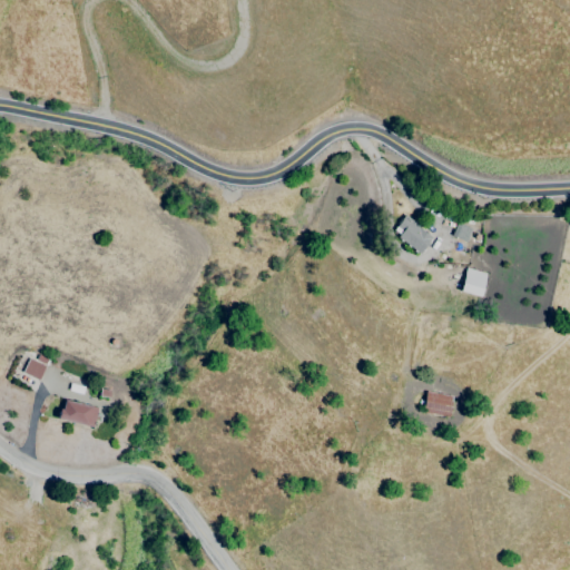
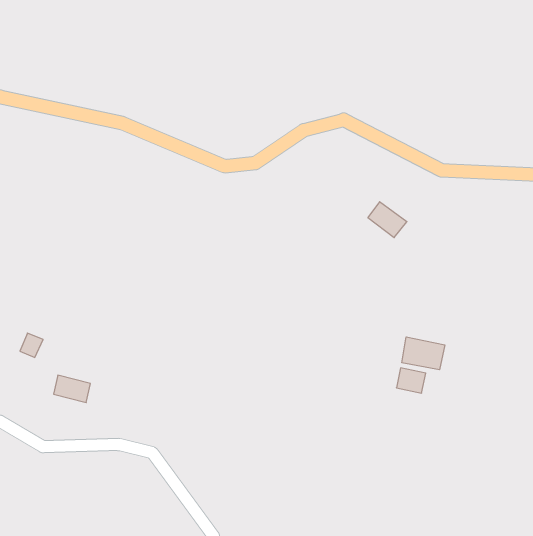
building: [463,266,489,295] -> none
building: none -> [402,337,445,370]

